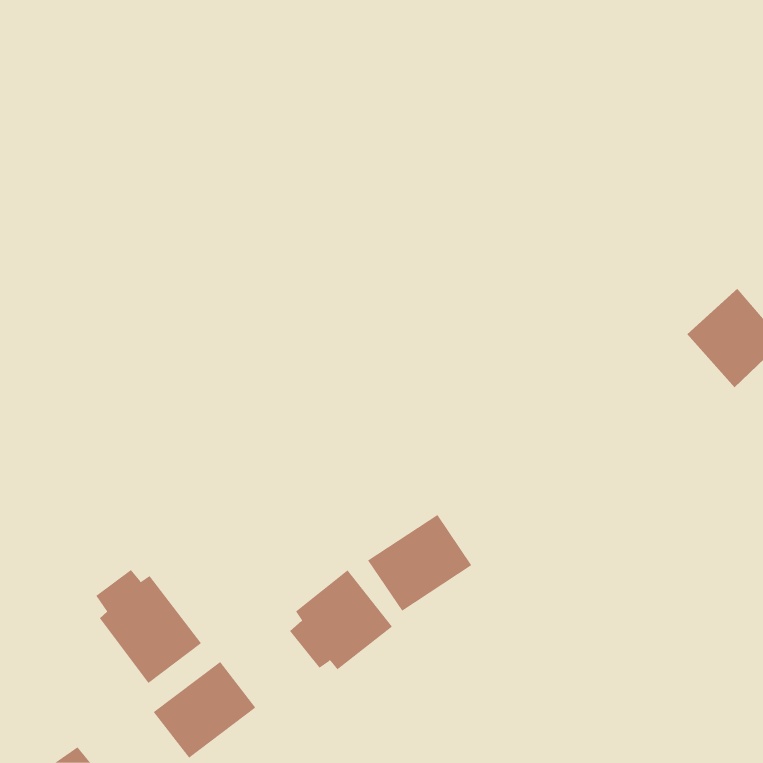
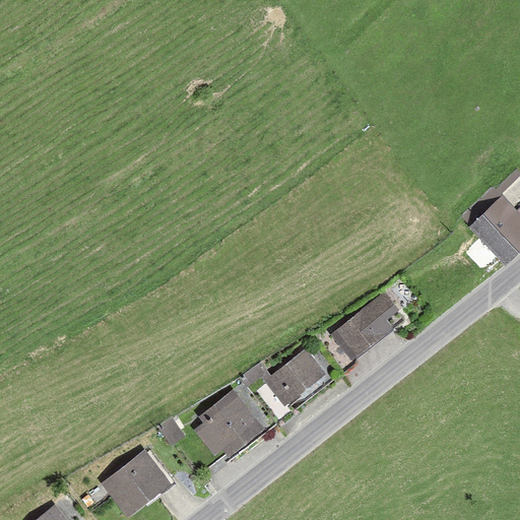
building: none -> [330,292,408,365]
building: [95,569,202,684] -> none

